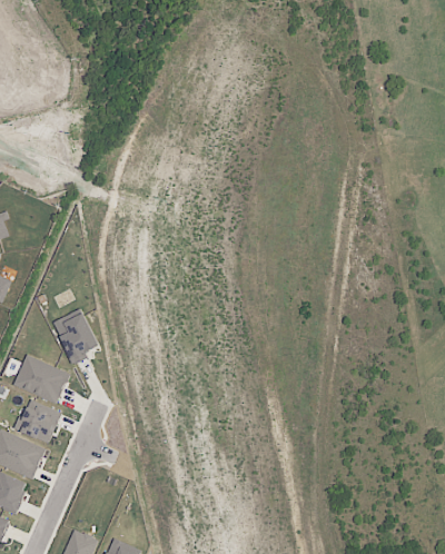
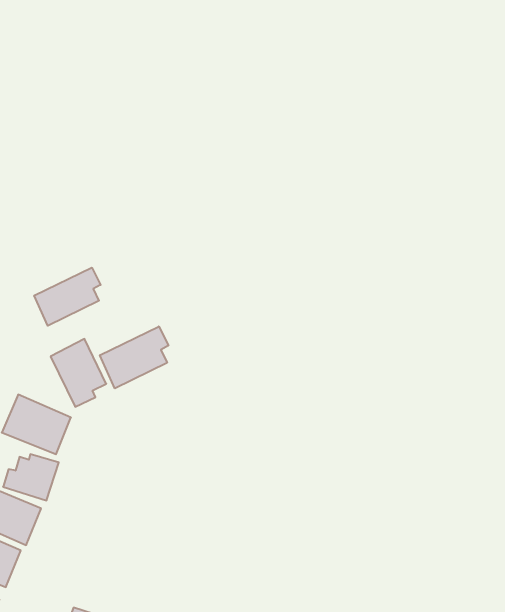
building: none -> [34,268,101,326]
building: none -> [100,326,168,388]

